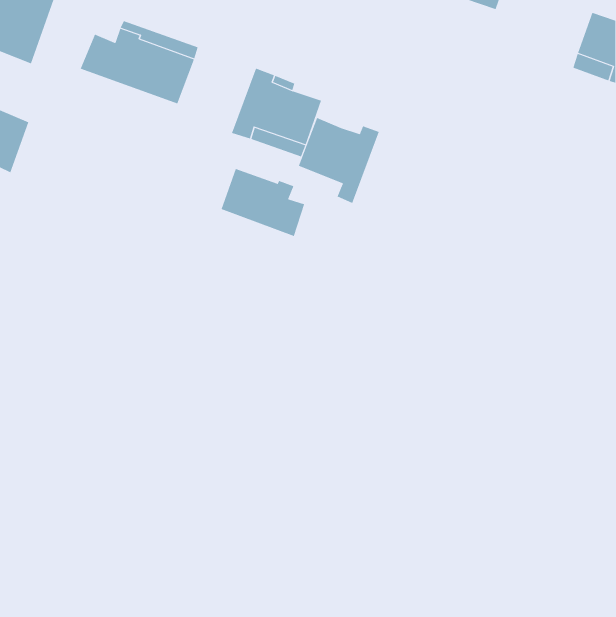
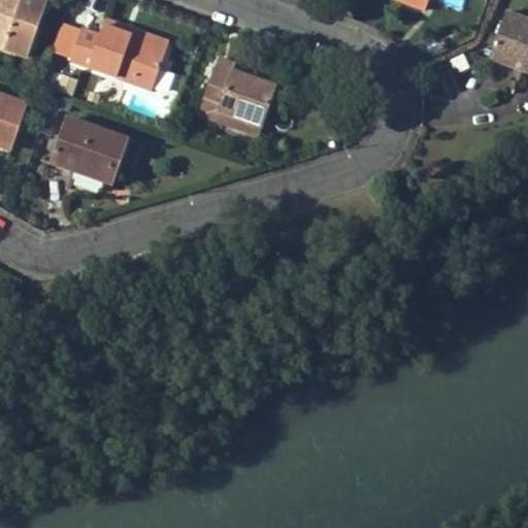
building: [298,117,379,204] -> none
building: none -> [50,117,128,183]
building: [221,168,305,237] -> none

